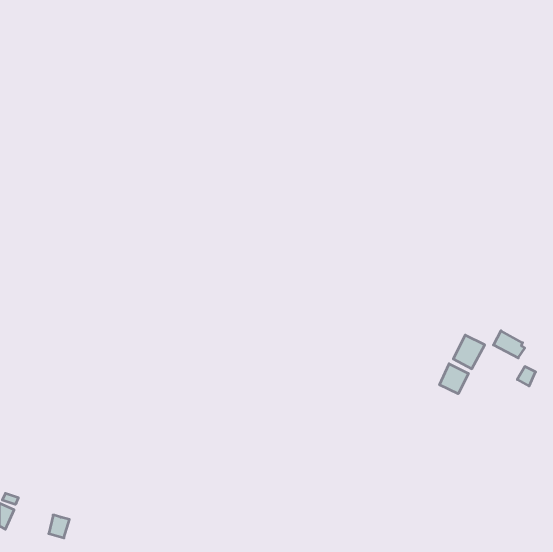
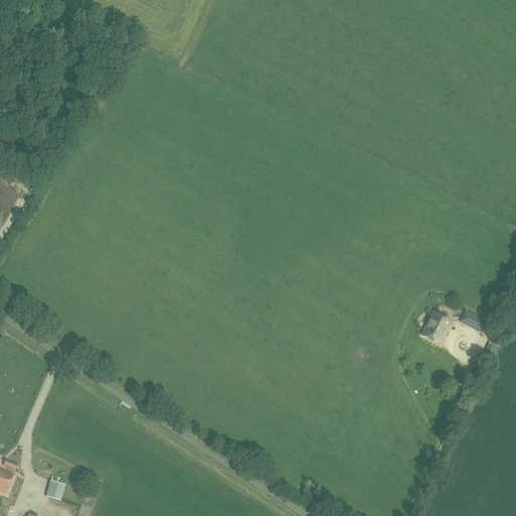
building: [440,364,468,394] -> none

